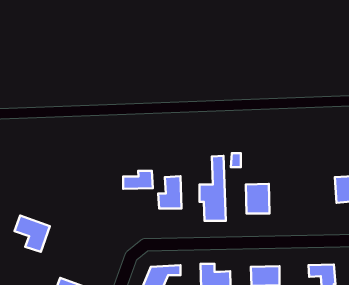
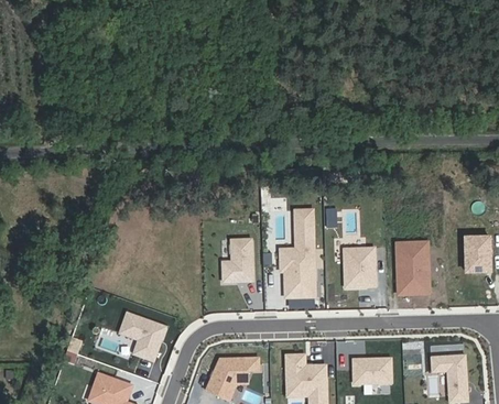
building: [123,171,153,189] -> none
building: none -> [398,240,431,293]
building: [14,215,50,252] -> [117,310,164,359]

